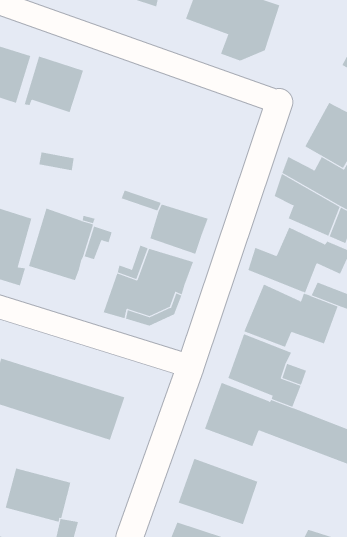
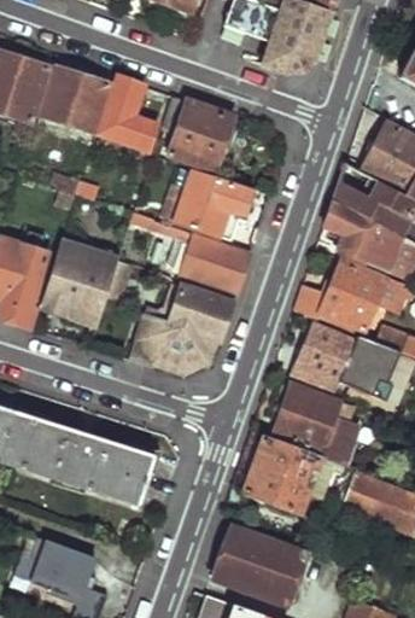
building: none -> [97,74,154,148]
building: none -> [160,93,232,168]
building: none -> [176,171,250,235]

